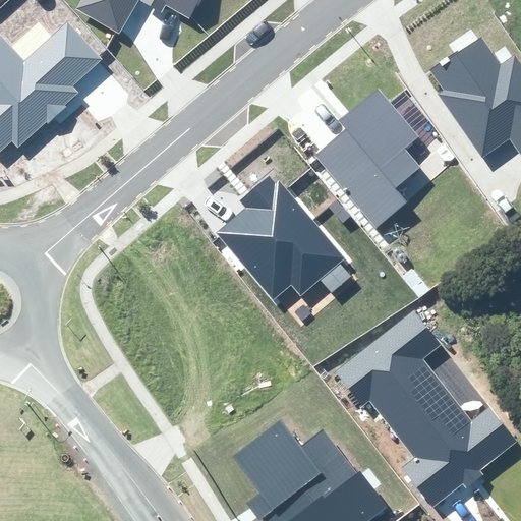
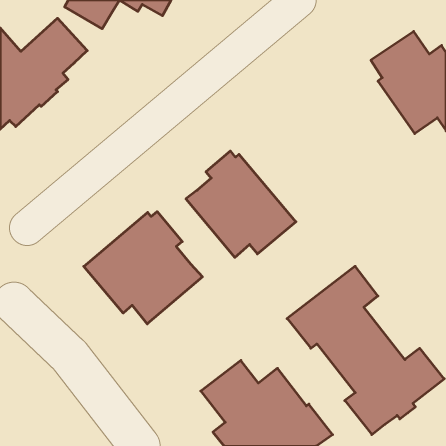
building: [315,86,420,227] -> none
building: none -> [84,212,202,324]

